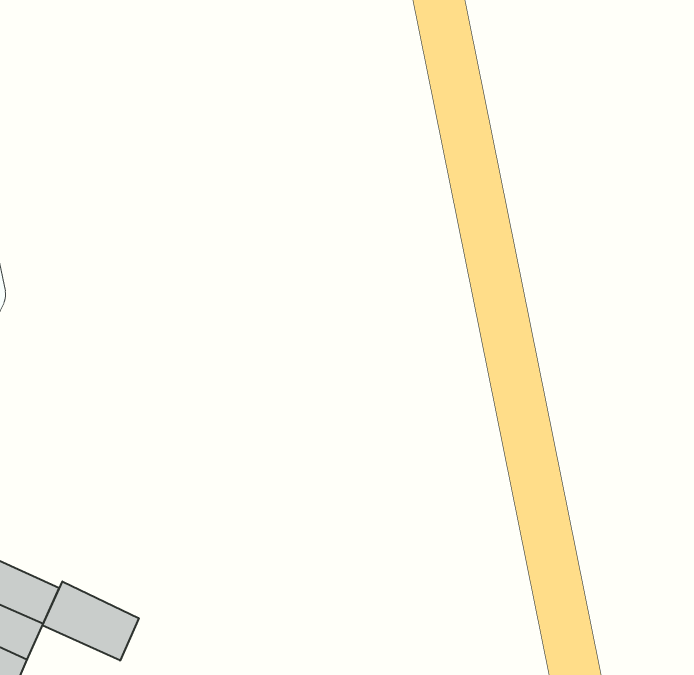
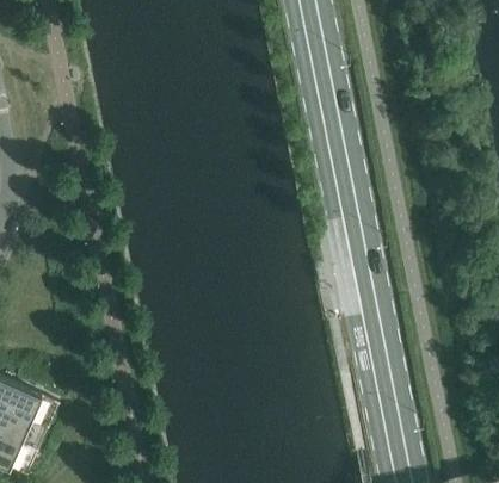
building: [42,581,139,661] -> none

